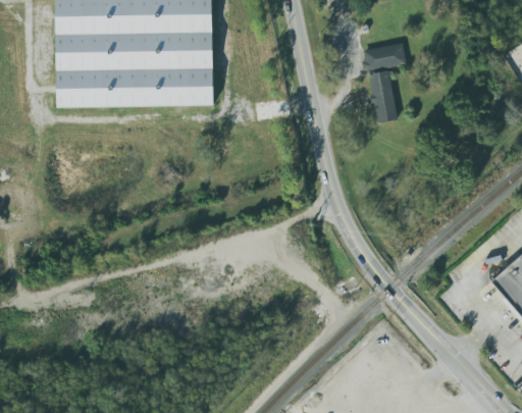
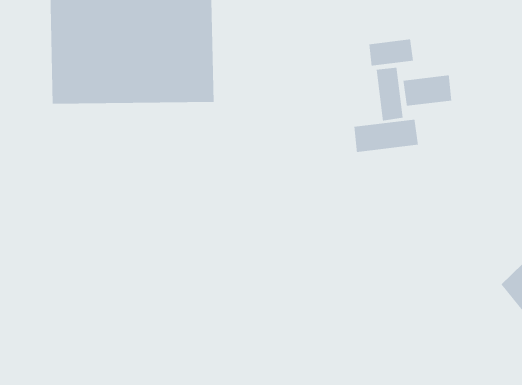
building: none -> [403,75,452,106]
building: none -> [354,119,419,153]

